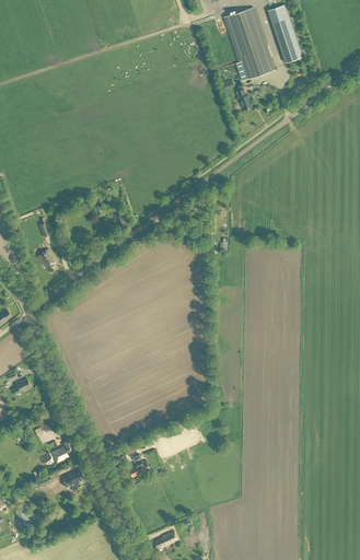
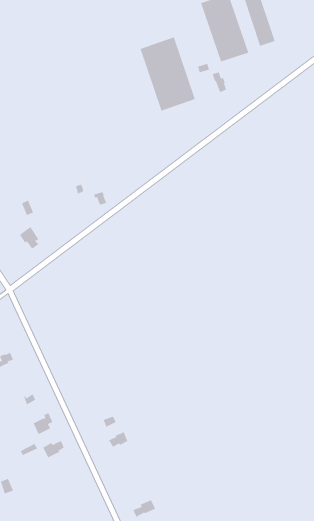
building: none -> [140,37,196,111]

